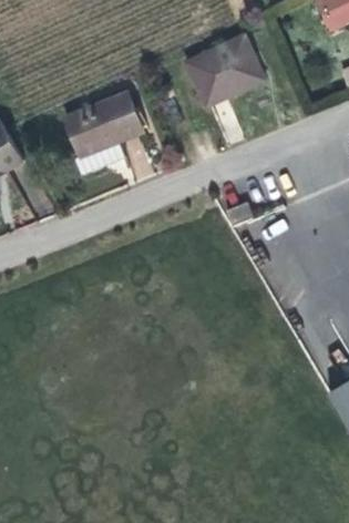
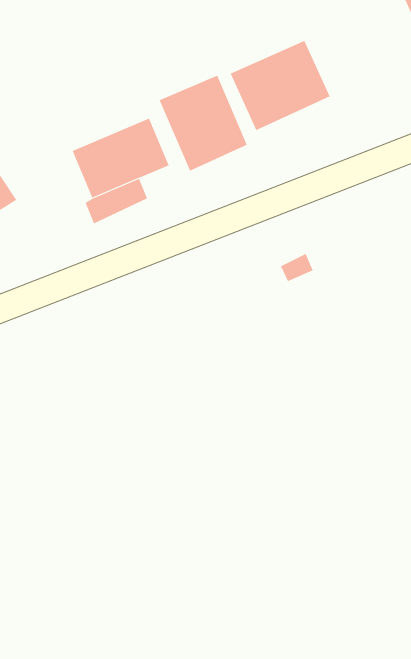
building: none -> [159,75,247,171]

